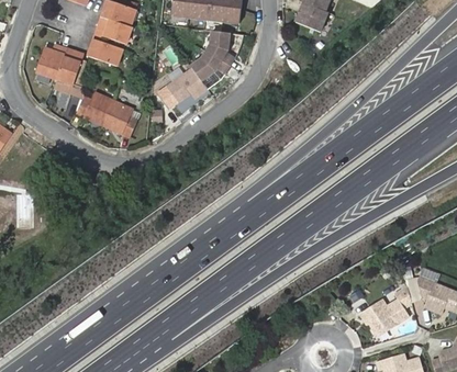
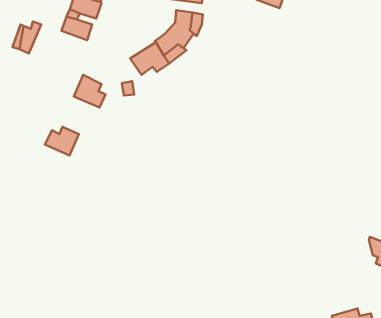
building: [52,47,80,83] -> none
building: [74,93,110,124] -> [45,127,79,156]
building: [360,285,413,330] -> none

